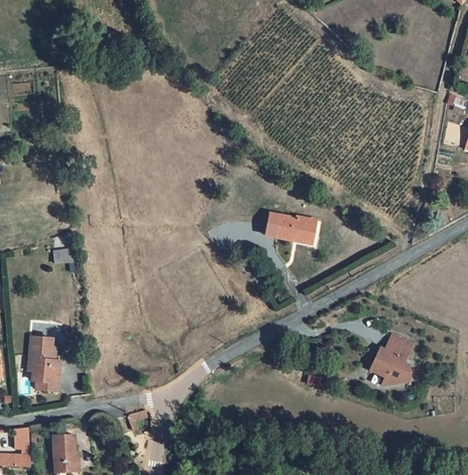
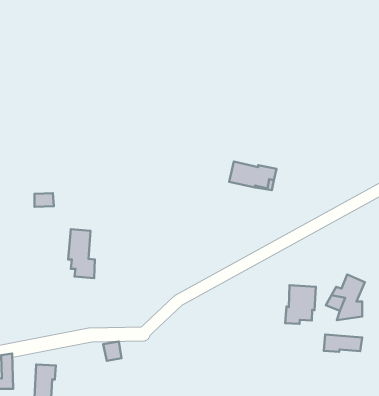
building: [29,337,58,390] -> [68,229,95,278]
building: none -> [285,285,316,324]
building: none -> [324,335,362,352]

